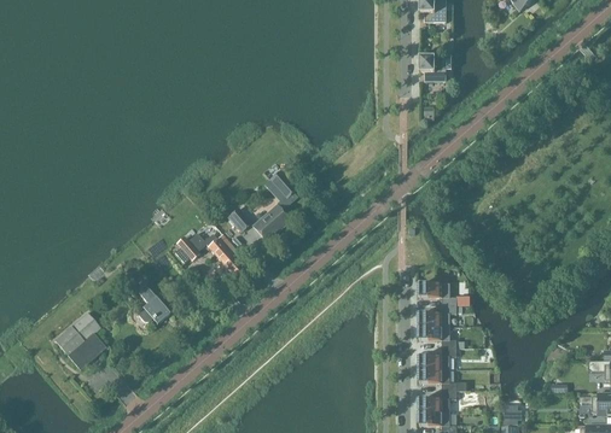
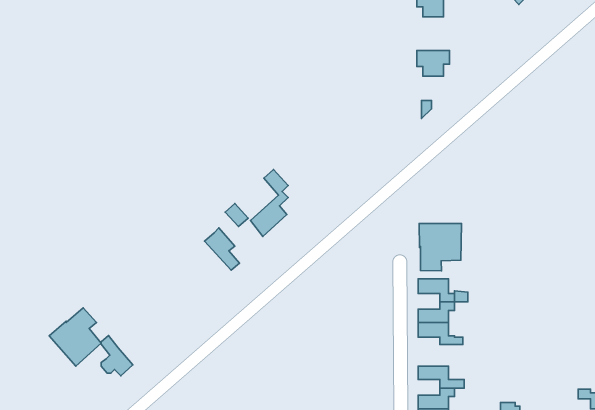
building: none -> [419,223,461,271]
building: [174,232,217,262] -> none
building: [138,283,169,323] -> [101,336,133,376]
building: [420,347,456,369] -> none

